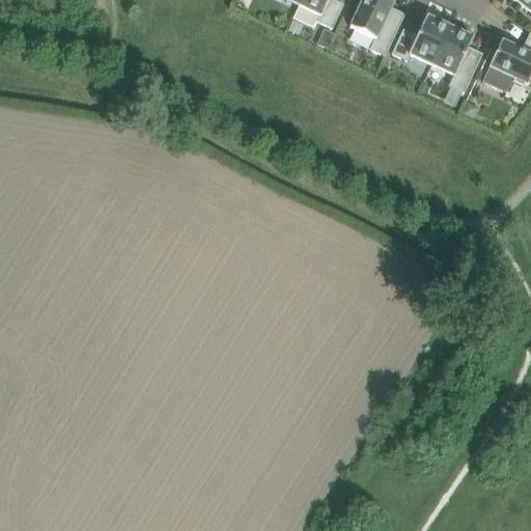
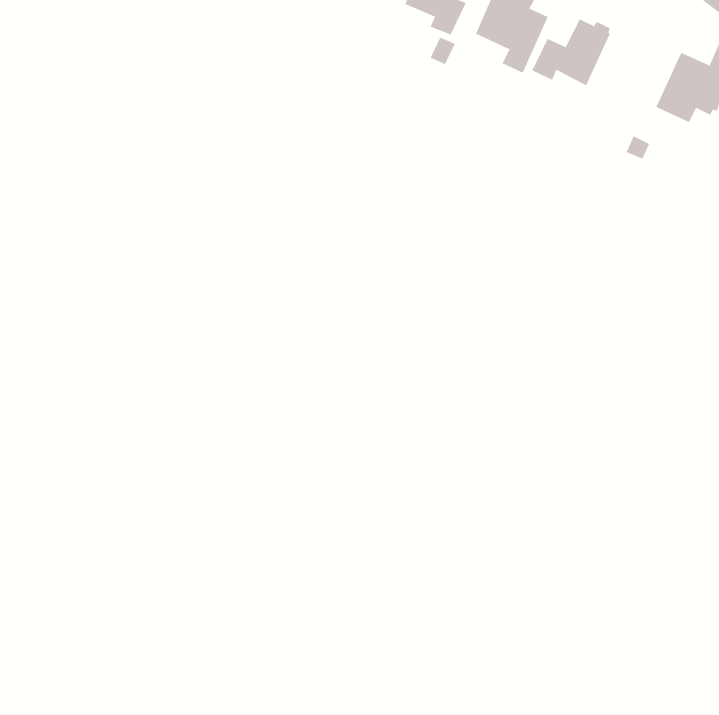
building: [432,25,482,90] -> none

